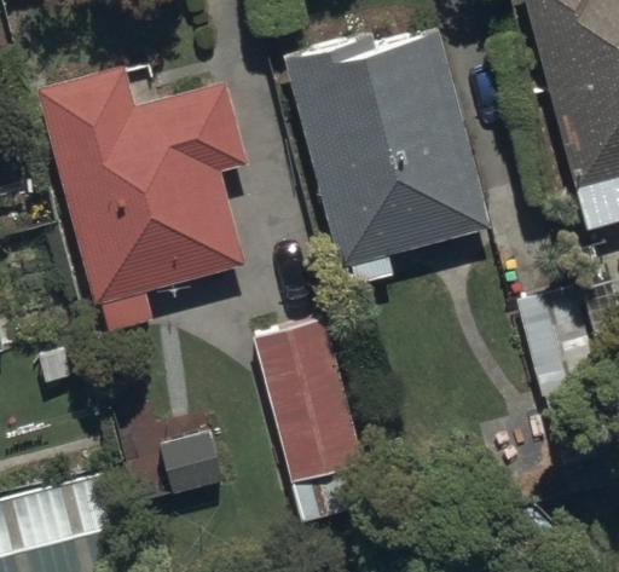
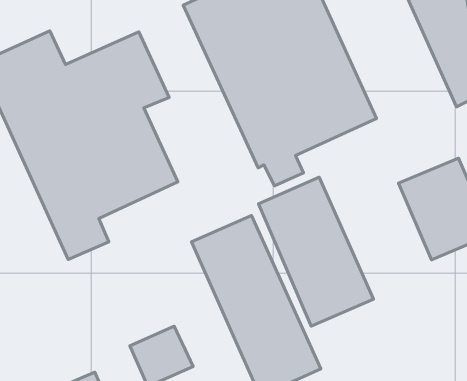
building: none -> [258,177,374,326]

